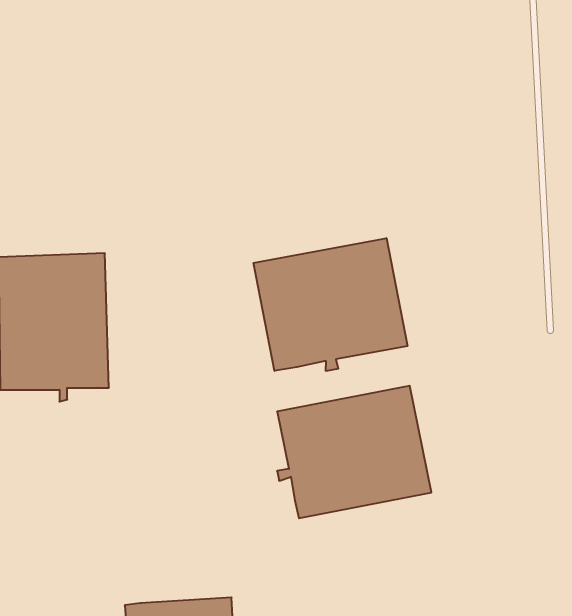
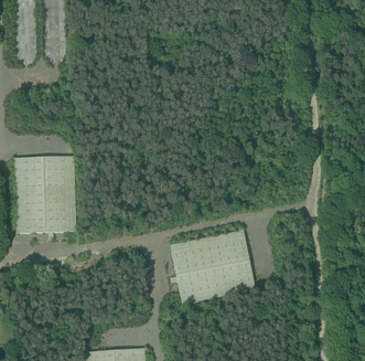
building: [254,238,407,371] -> none

